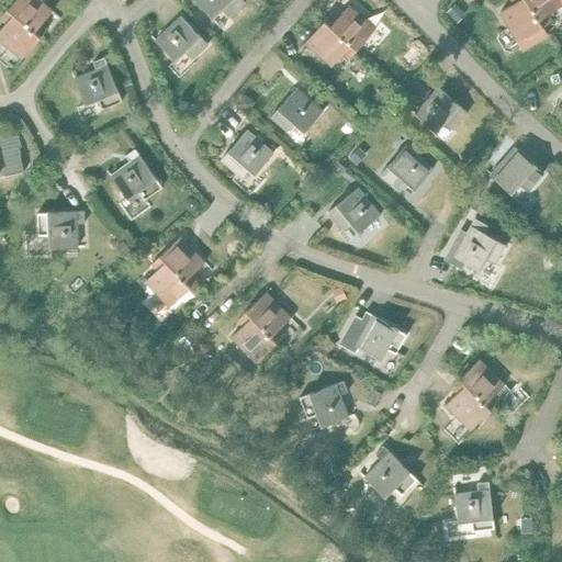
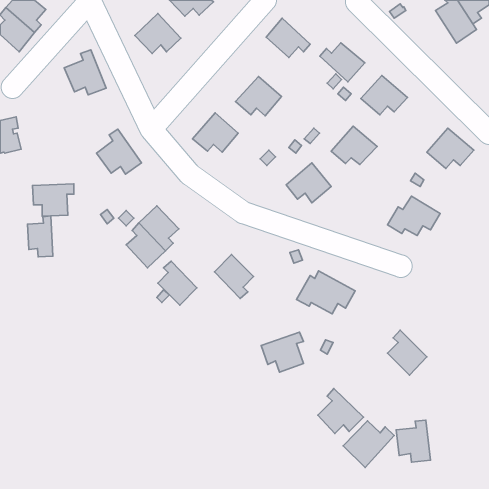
building: [324,5,375,50] -> [320,43,365,82]
building: none -> [28,216,53,257]
building: [231,312,276,362] -> [158,261,197,305]
building: [459,359,504,409] -> none
building: none -> [343,421,394,468]

